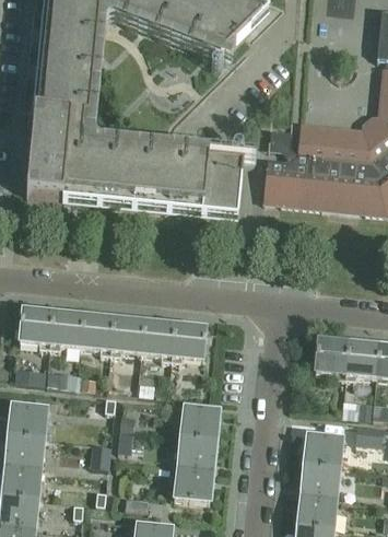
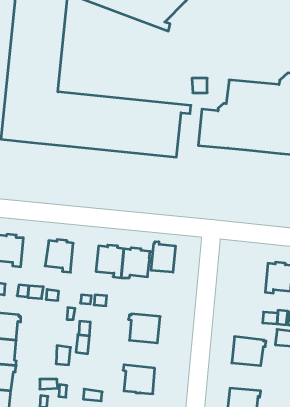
building: [50,311,84,348] -> none
building: none -> [151,242,175,272]
building: [110,317,144,354] -> none
building: [315,338,349,377] -> none
building: [175,435,215,469] -> none
building: [303,463,341,497] -> none

